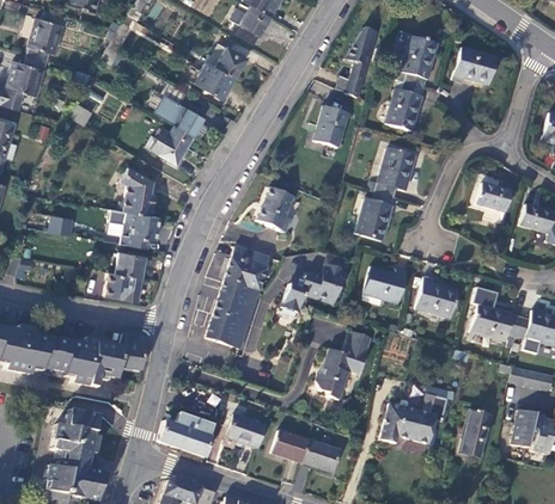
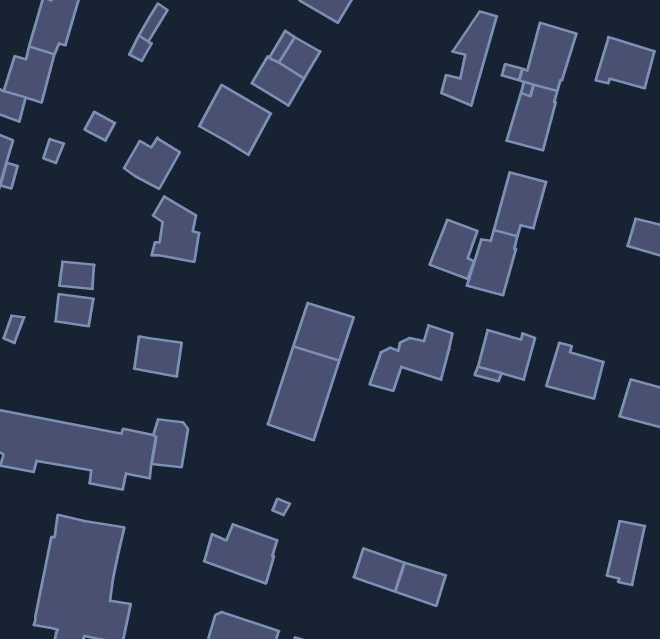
building: [313,105,348,148] -> none
building: [150,124,191,162] -> [124,138,180,189]
building: [257,188,293,232] -> [430,220,477,279]
building: [121,210,159,240] -> none
building: [116,252,145,276] -> [55,294,94,326]
building: [316,321,377,399] -> none
building: [380,394,447,443] -> none
building: [226,414,266,448] -> none

